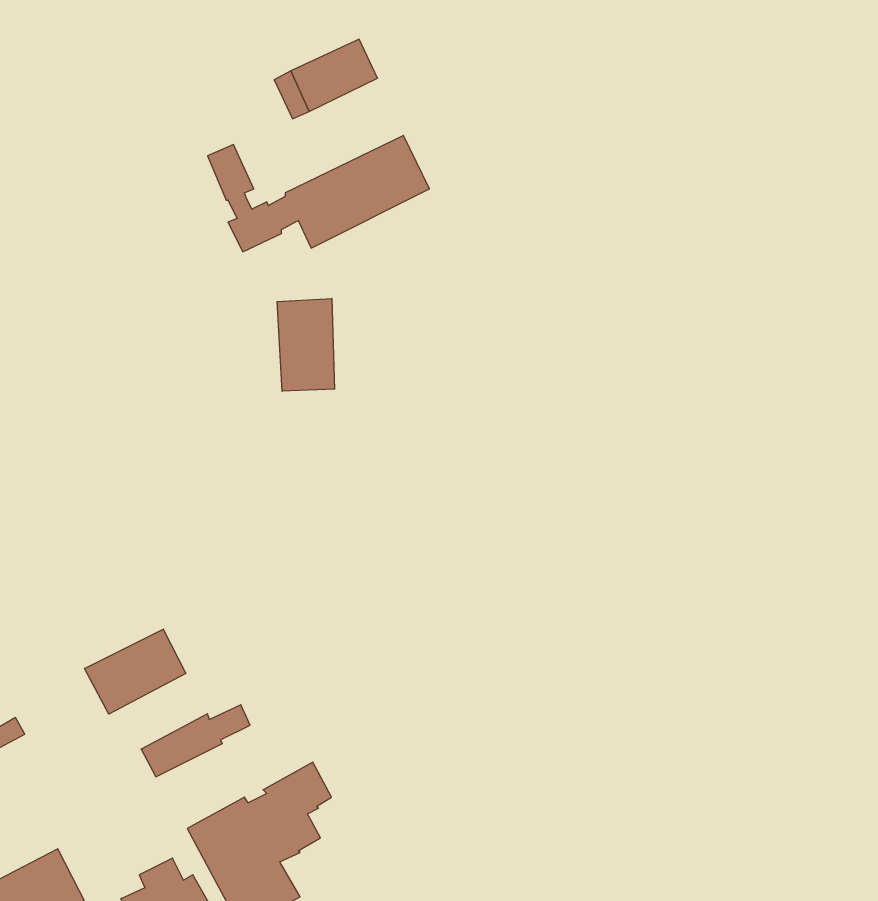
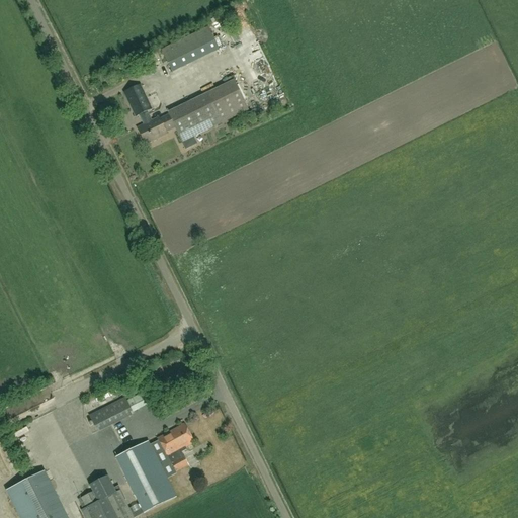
building: [277,298,335,391] -> none
building: [85,629,186,714] -> none

